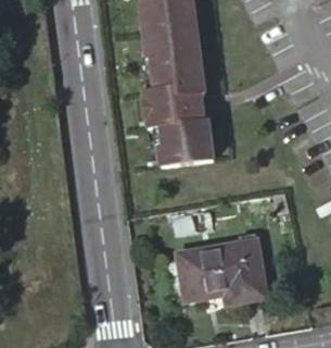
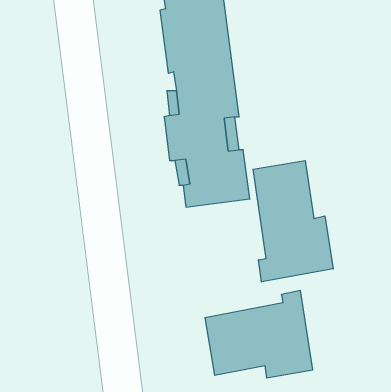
building: none -> [253,161,333,282]

